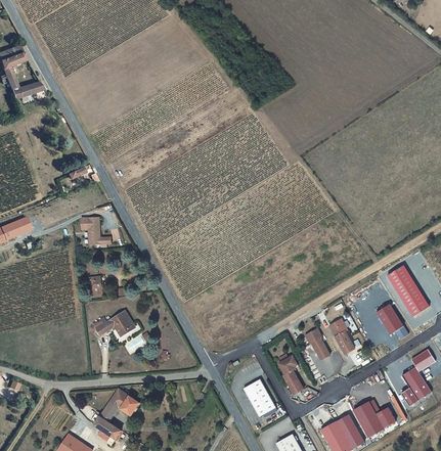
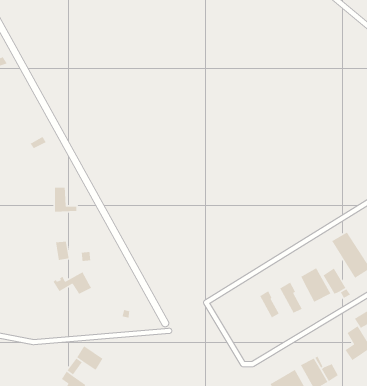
building: none -> [300,267,331,303]
building: [280,357,305,395] -> none
building: [245,380,277,417] -> none

